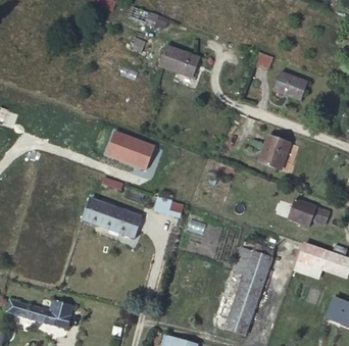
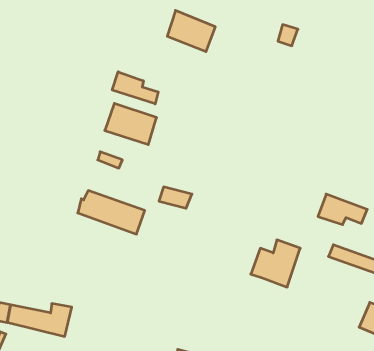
building: [275,75,309,103] -> none
building: none -> [112,72,158,104]
building: [258,137,291,172] -> none
building: [223,275,263,333] -> none

